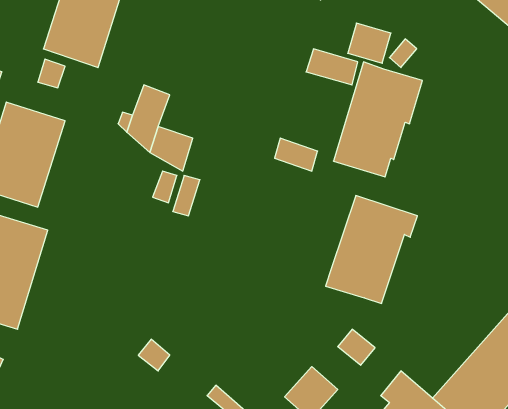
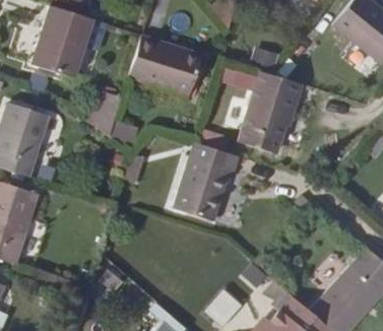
building: none -> [130,38,202,97]
building: [326,196,417,303] -> [174,144,239,220]

